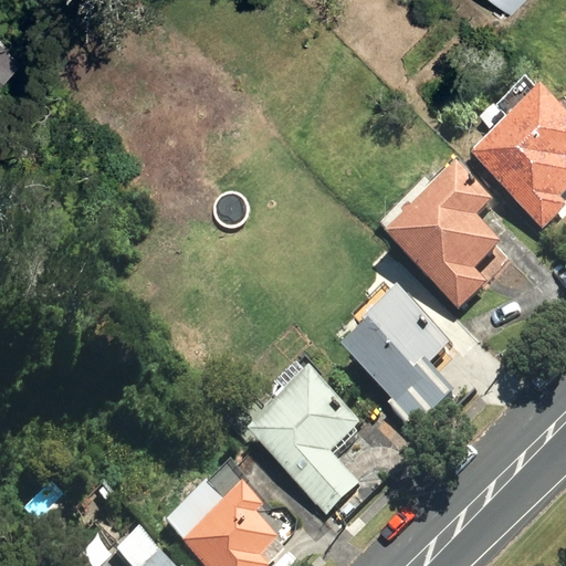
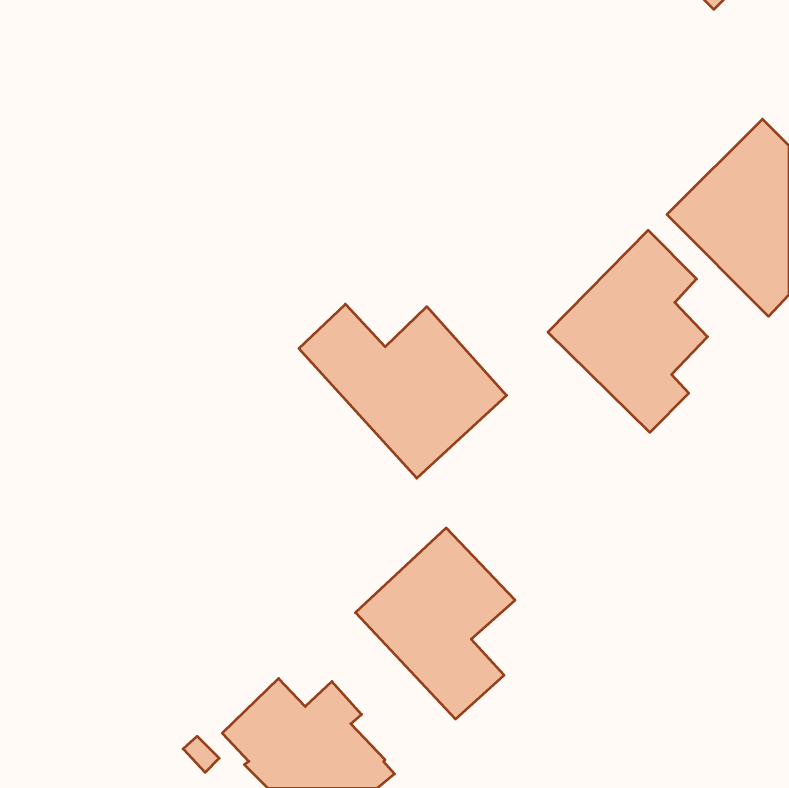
building: none -> [299,304,507,478]
building: [346,289,453,426] -> none

